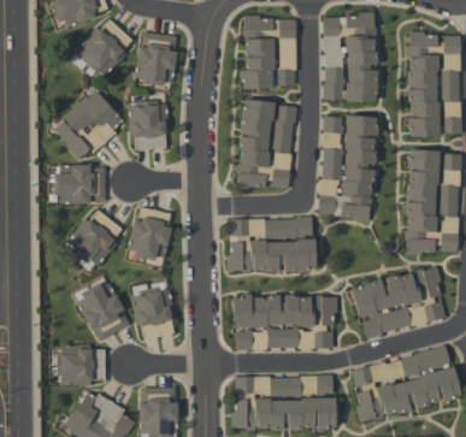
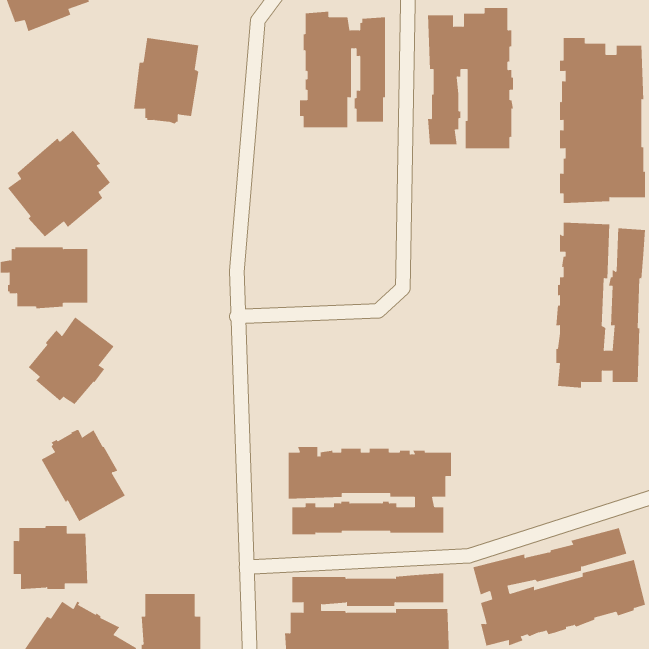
building: [77,20,132,76] -> none
building: [128,101,170,152] -> none
building: [236,101,297,190] -> none
building: [318,116,378,223] -> none
building: [126,208,171,260] -> none
building: [226,217,317,272] -> none
building: [352,267,446,339] -> none
building: [132,287,177,339] -> none

